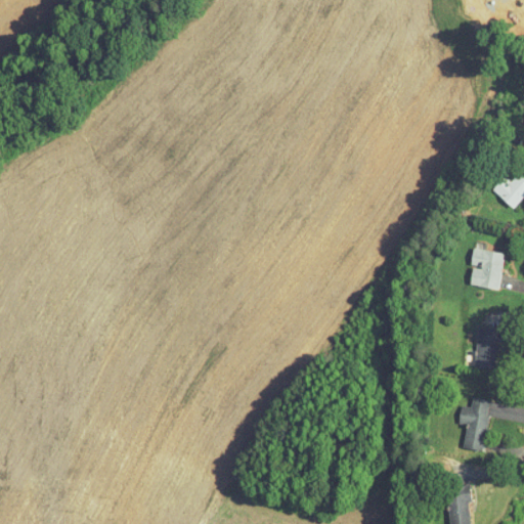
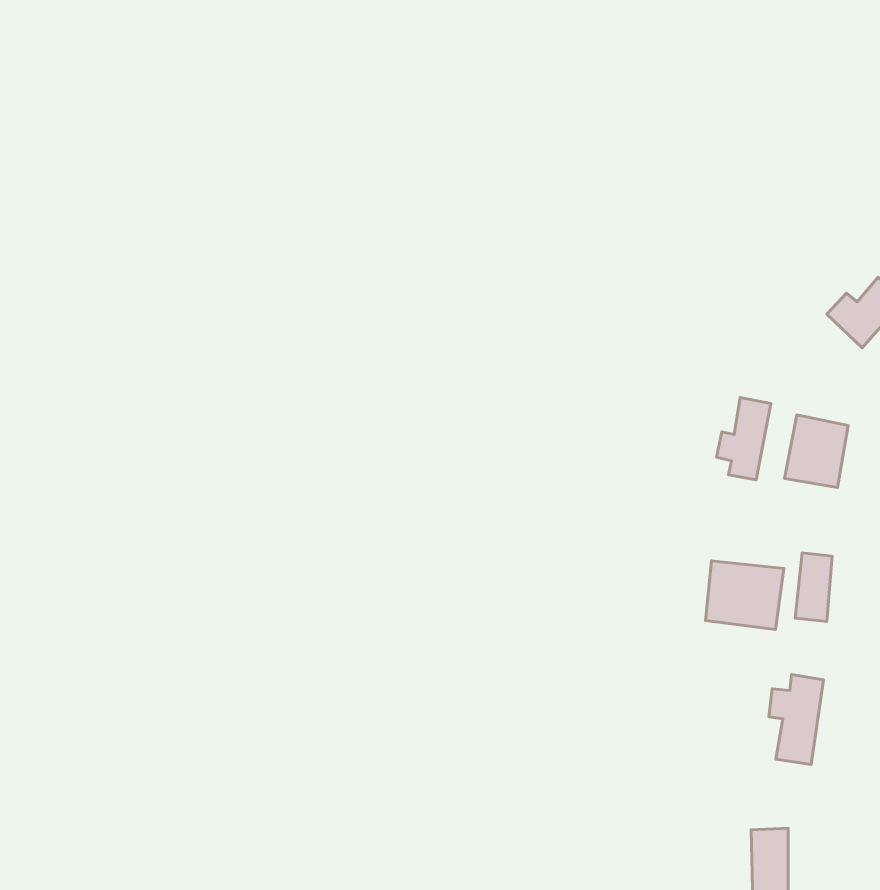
building: none -> [717,398,771,480]
building: none -> [706,561,784,630]

